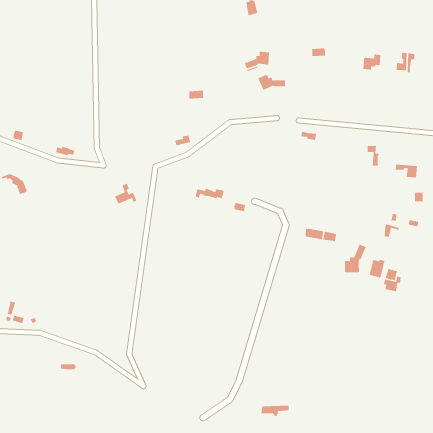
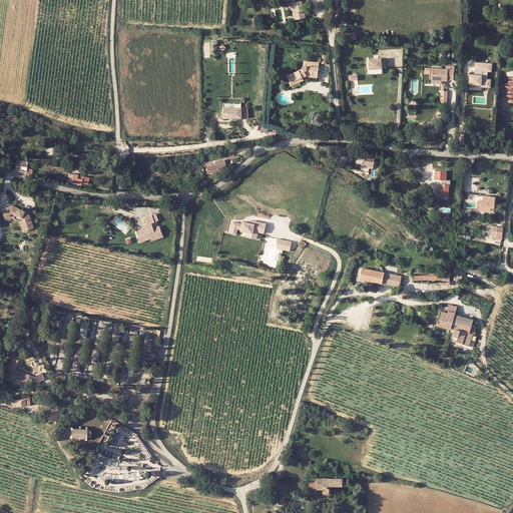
building: [257,73,286,91] -> none
building: [344,243,367,273] -> none

